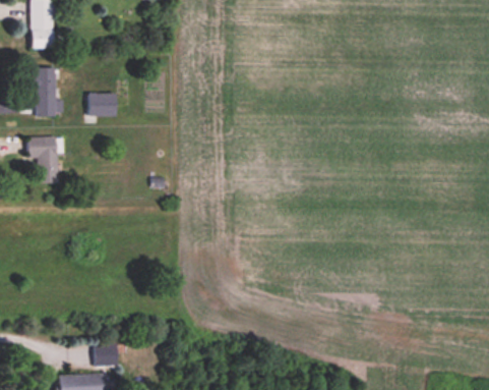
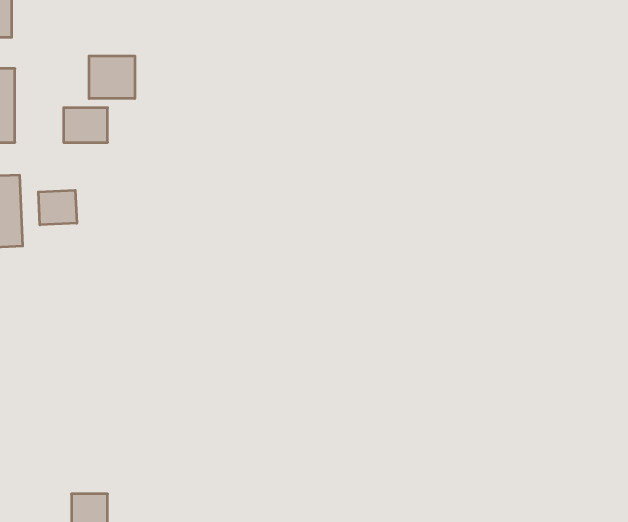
building: none -> [89,56,135,99]
building: none -> [38,190,77,225]

